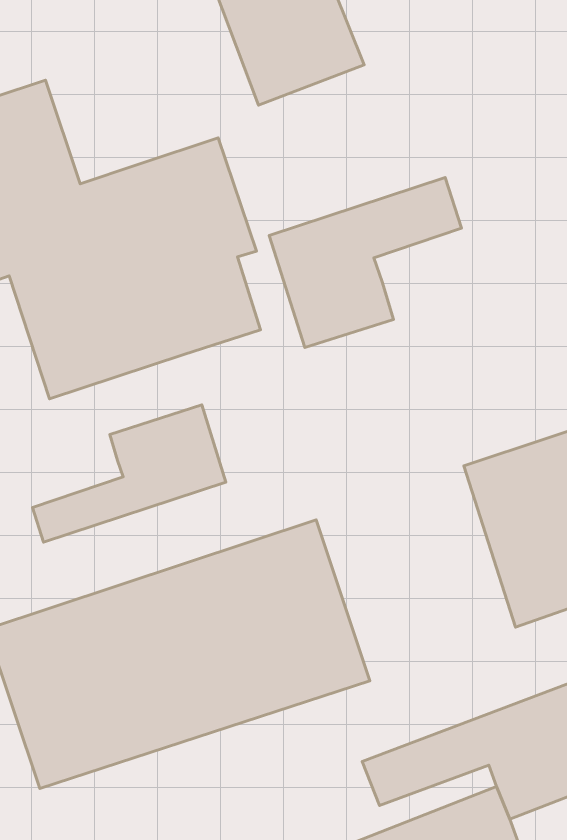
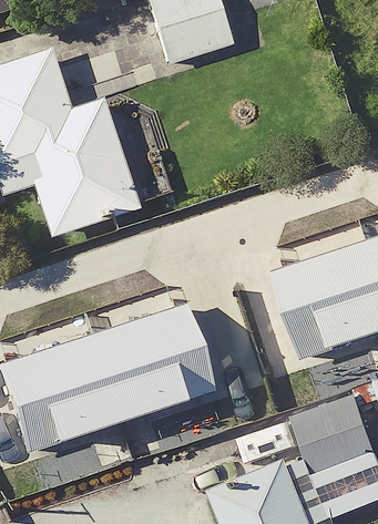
building: [269,178,461,348] -> none
building: [32,405,226,542] -> none

